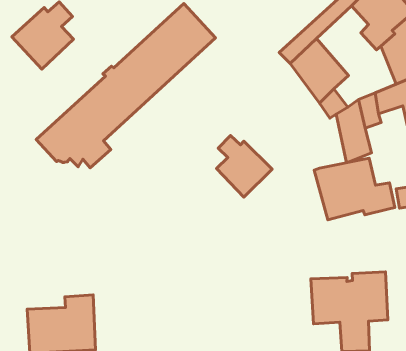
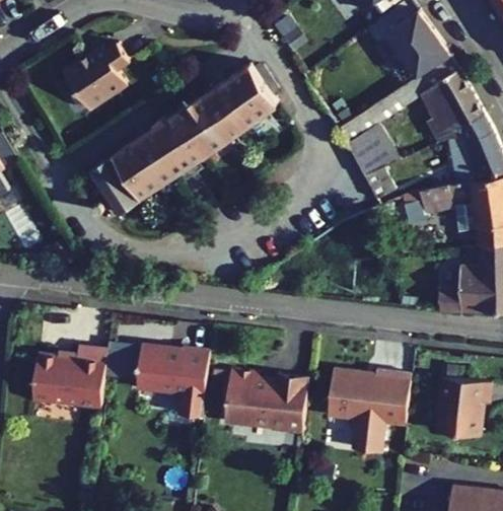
building: [217,136,272,197] -> none
building: [314,158,395,220] -> none
building: none -> [136,344,210,416]
building: none -> [224,369,309,434]

